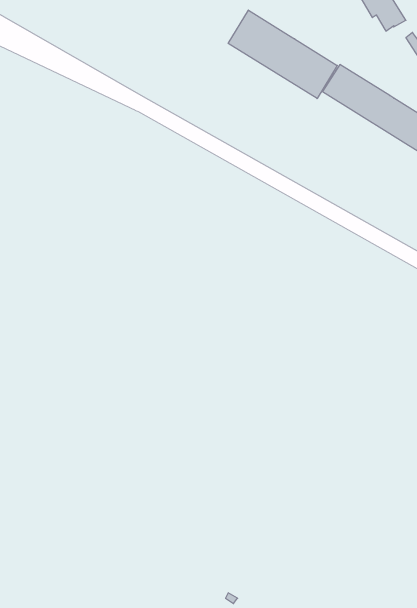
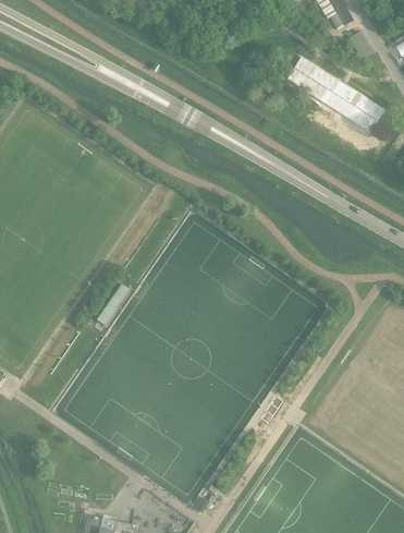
building: [228,10,337,99] -> none

